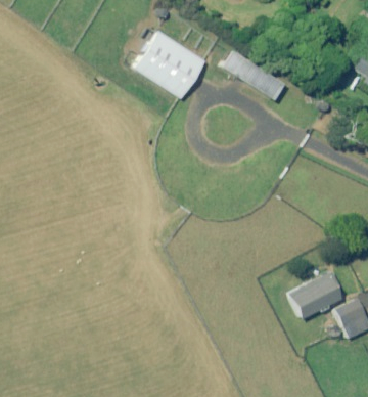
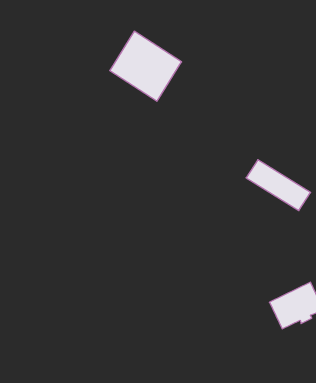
building: [223,50,285,99] -> [246,160,311,211]

